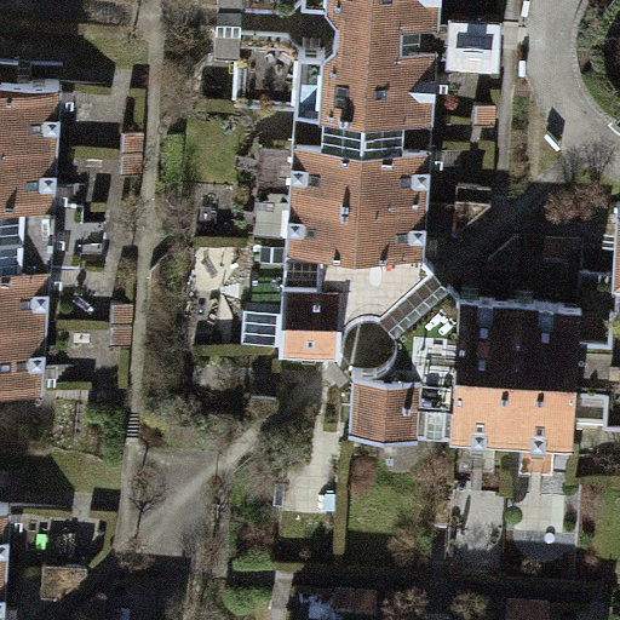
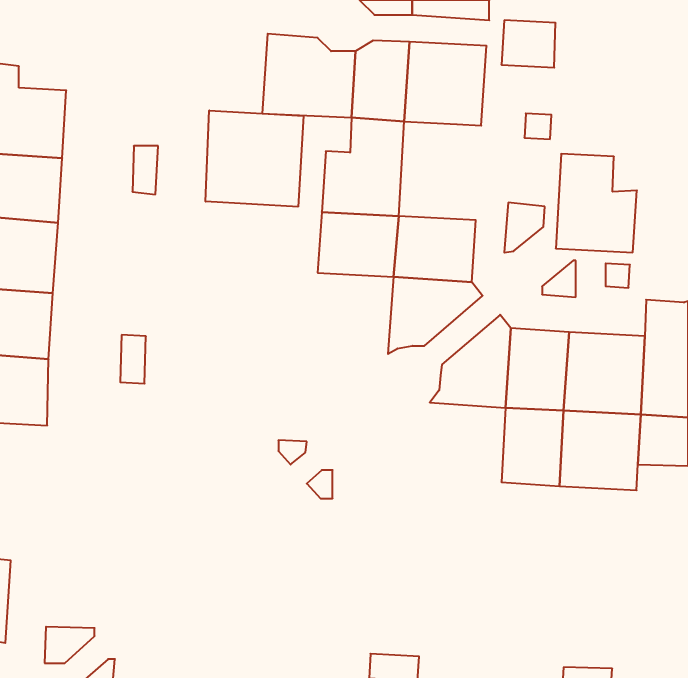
building: none -> [206,110,303,207]
building: [357,120,430,208] -> [556,154,637,252]
building: [277,256,352,360] -> none
building: [349,372,453,443] -> none

